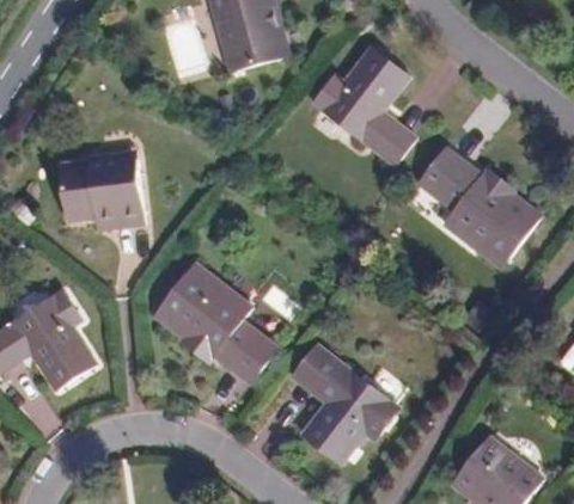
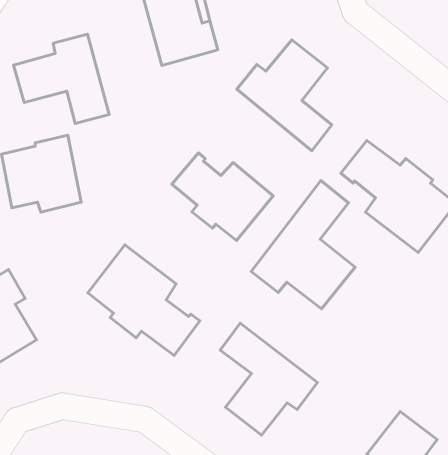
building: none -> [13,34,109,124]
building: none -> [172,153,273,241]
building: none -> [251,181,355,309]

